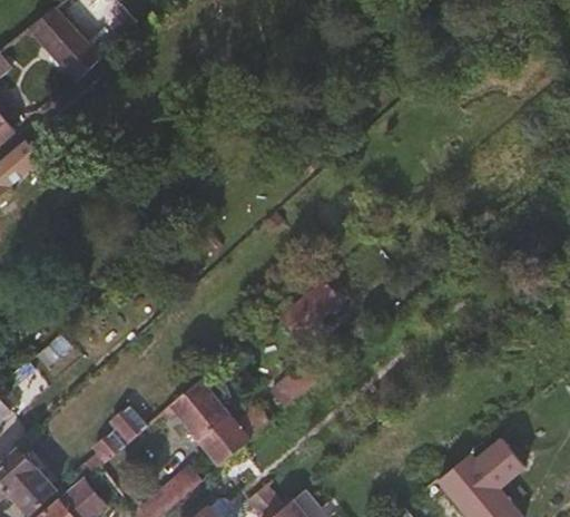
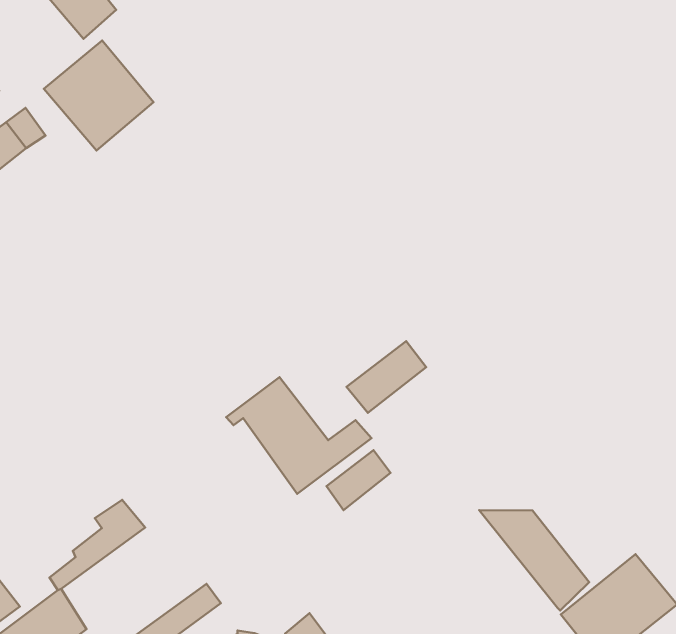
building: none -> [44,41,154,150]
building: [163,382,268,466] -> [226,377,371,494]
building: none -> [479,510,589,610]

